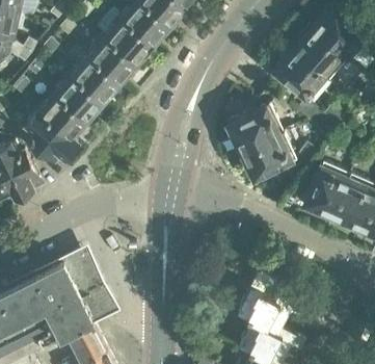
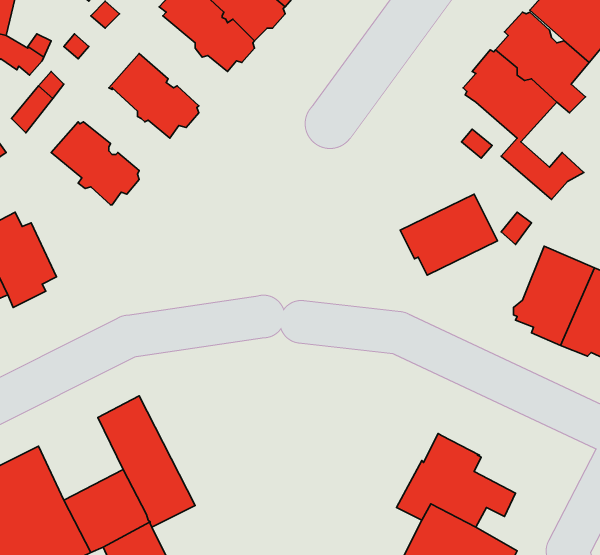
building: [88,29,139,81] -> none
building: [53,71,106,119] -> none
building: [229,105,282,153] -> none
building: [23,108,79,161] -> none
building: [30,261,79,309] -> none

